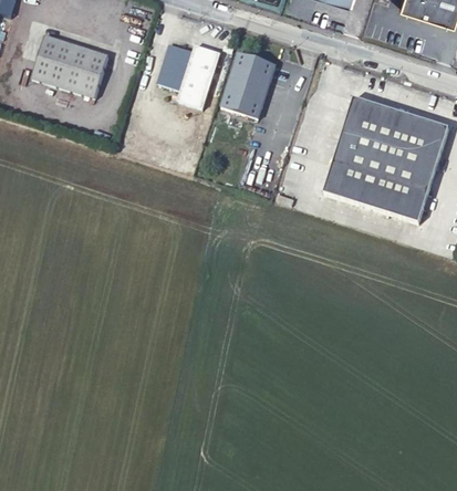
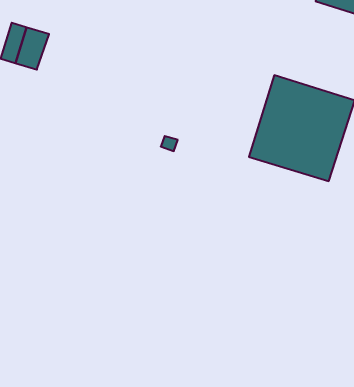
building: [156,43,219,108] -> none
building: [73,49,107,97] -> none
building: [221,53,274,114] -> none

